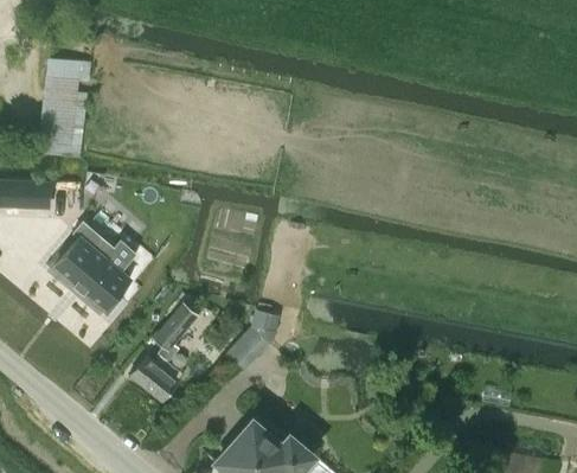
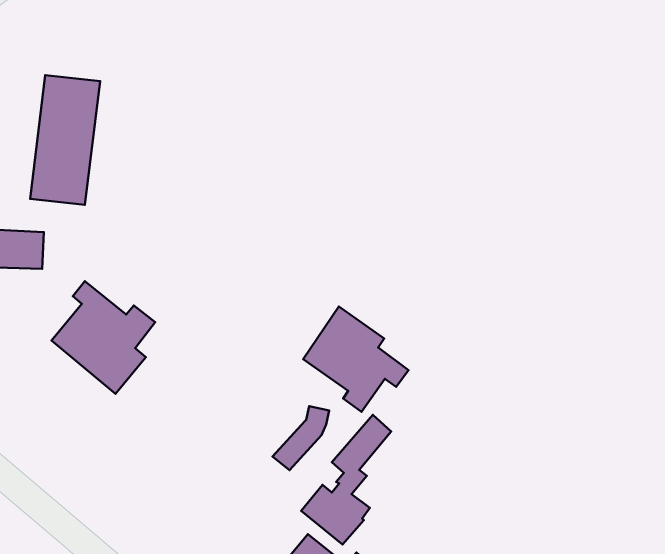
building: none -> [303,306,409,412]
building: [129,303,199,404] -> [301,415,391,544]

